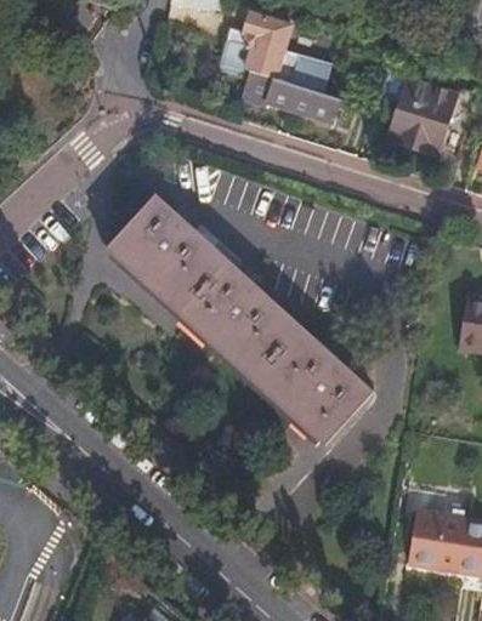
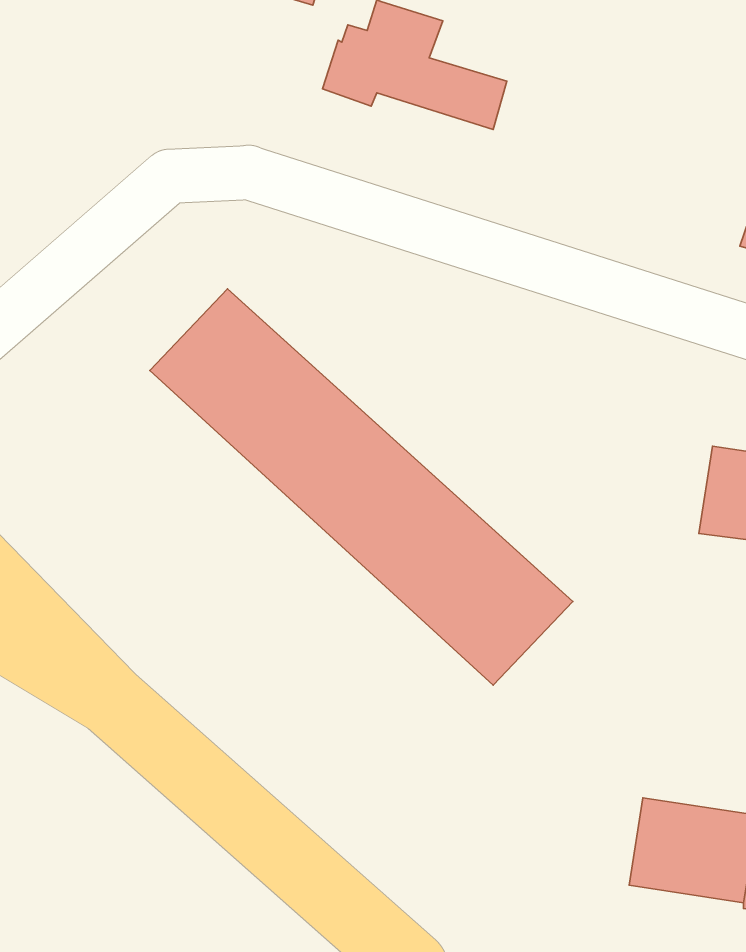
building: [240,73,339,123] -> none
building: [387,75,458,155] -> none

